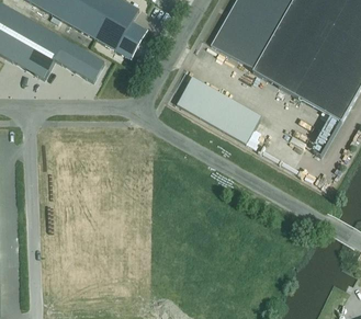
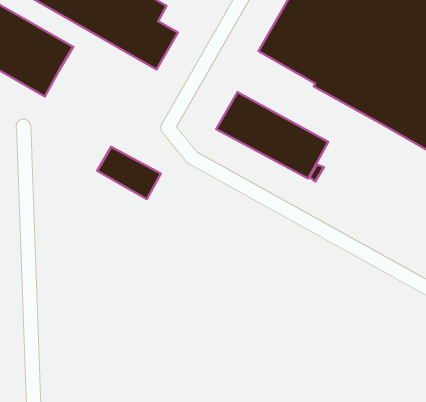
building: [55,41,104,81] -> [97,147,161,199]

